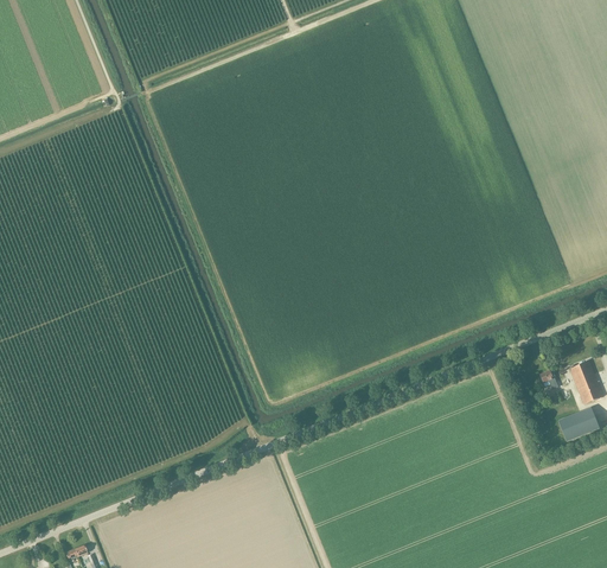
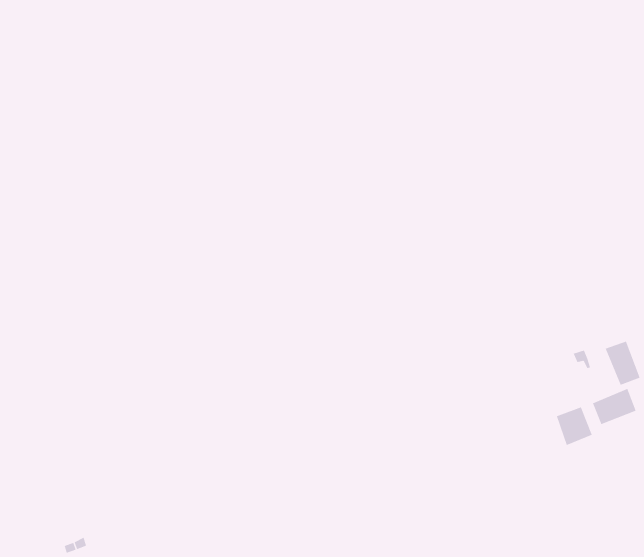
building: none -> [556,406,593,446]

